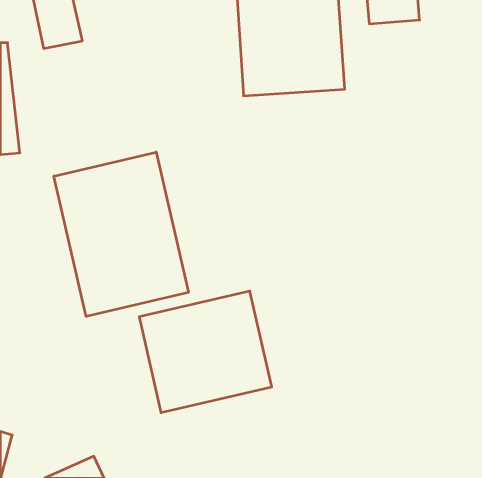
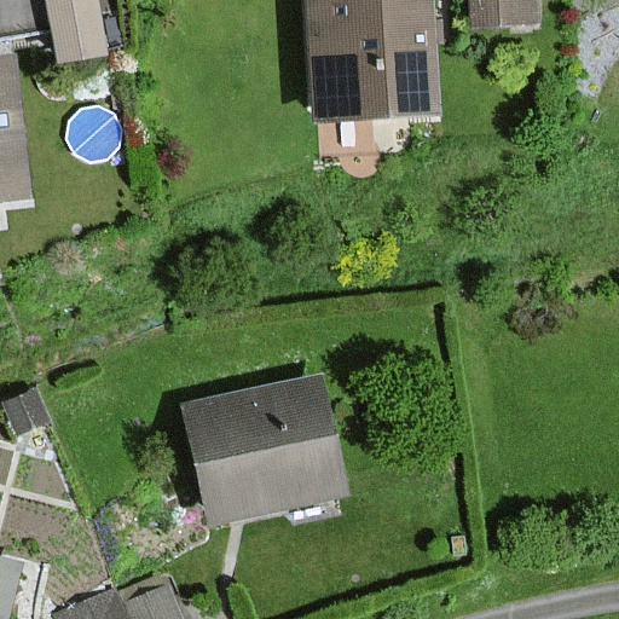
building: [54,152,188,316] -> none

